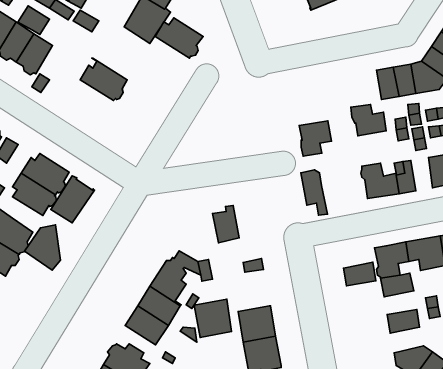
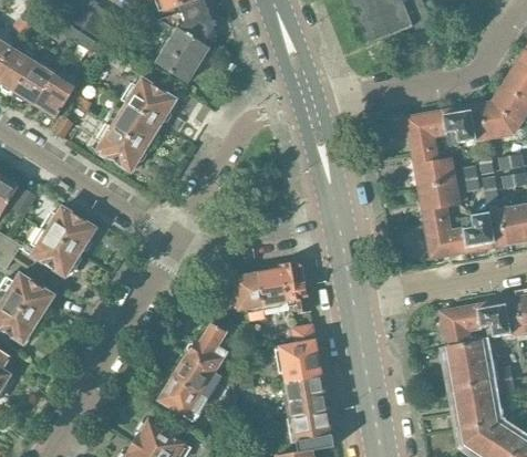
building: [18,6,50,34] -> none
building: [155,18,203,58] -> [122,77,176,123]
building: none -> [407,112,447,154]
building: none -> [96,123,146,170]
building: [299,121,332,156] -> [421,180,457,220]
building: none -> [480,210,505,248]
building: [301,170,327,215] -> [280,261,310,312]
building: [51,176,95,223] -> none
building: none -> [219,273,264,311]
building: [25,225,61,270] -> none
building: [344,262,376,286] -> [451,361,487,387]
building: [194,299,232,337] -> [279,341,321,384]
building: none -> [457,402,495,430]

